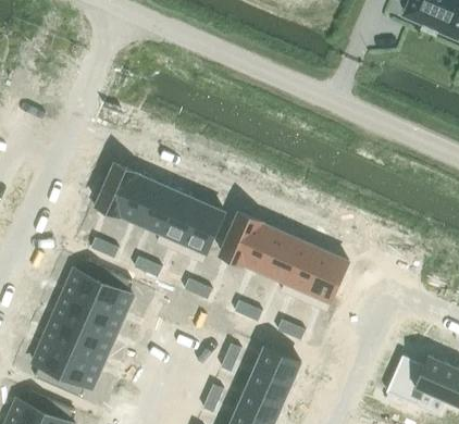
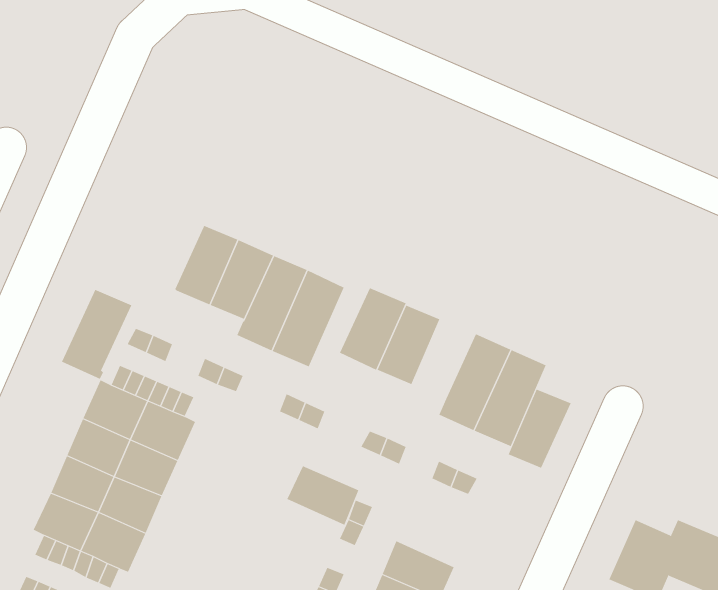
building: [94,164,137,220] -> [61,289,132,379]
building: [264,233,303,282] -> [508,389,572,469]
building: [255,348,299,385] -> [286,465,359,526]

